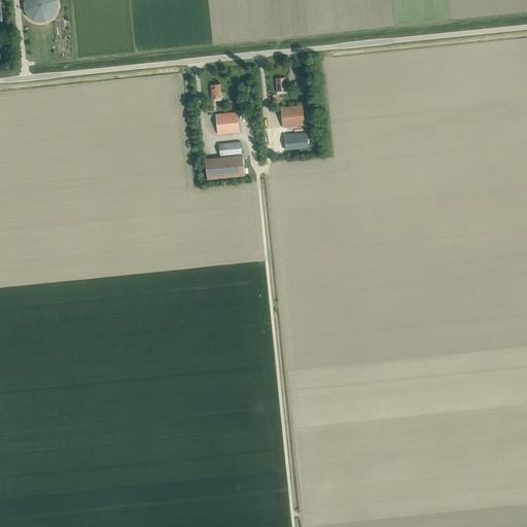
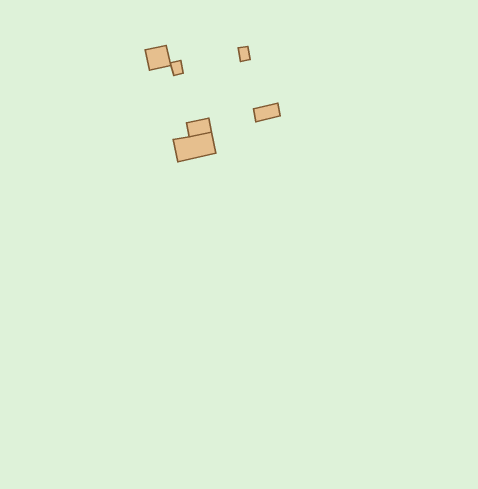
building: [280,105,304,128] -> none
building: [215,112,238,134] -> [145,45,171,70]

